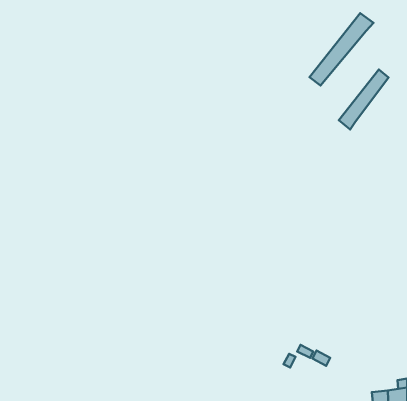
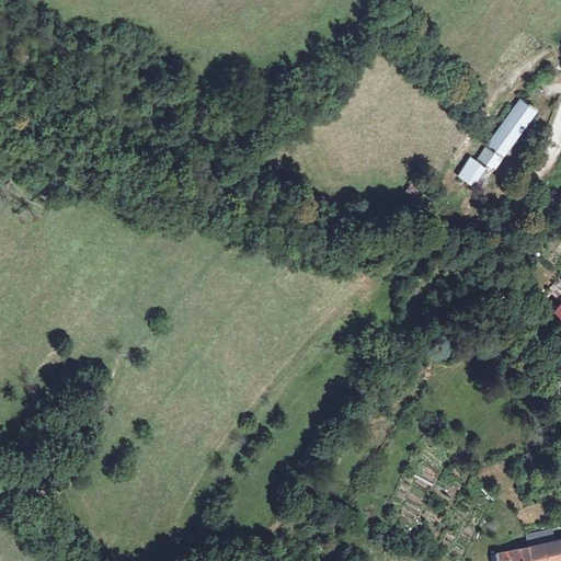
building: [310,13,374,86] -> none

